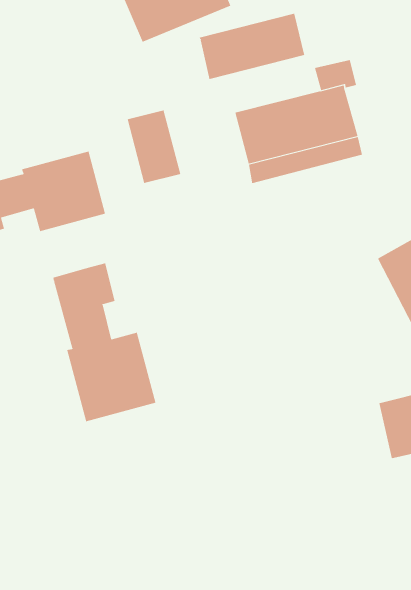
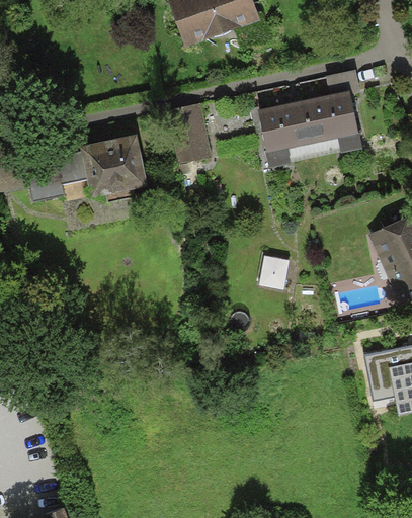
building: [199,13,305,80] -> none
building: [53,262,156,422] -> none
building: none -> [259,254,290,289]

